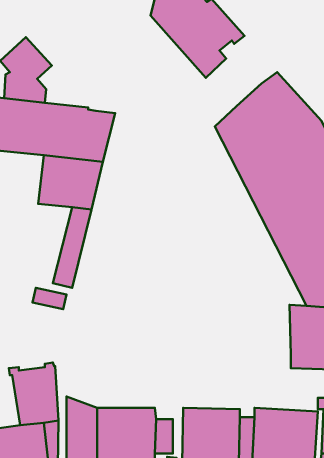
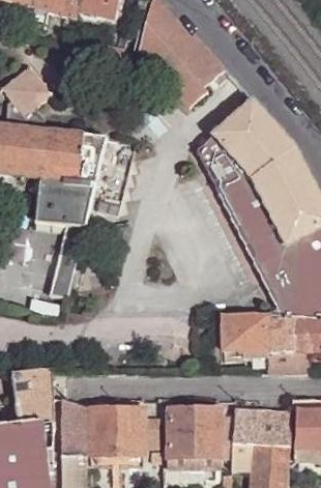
building: none -> [223,312,266,358]

